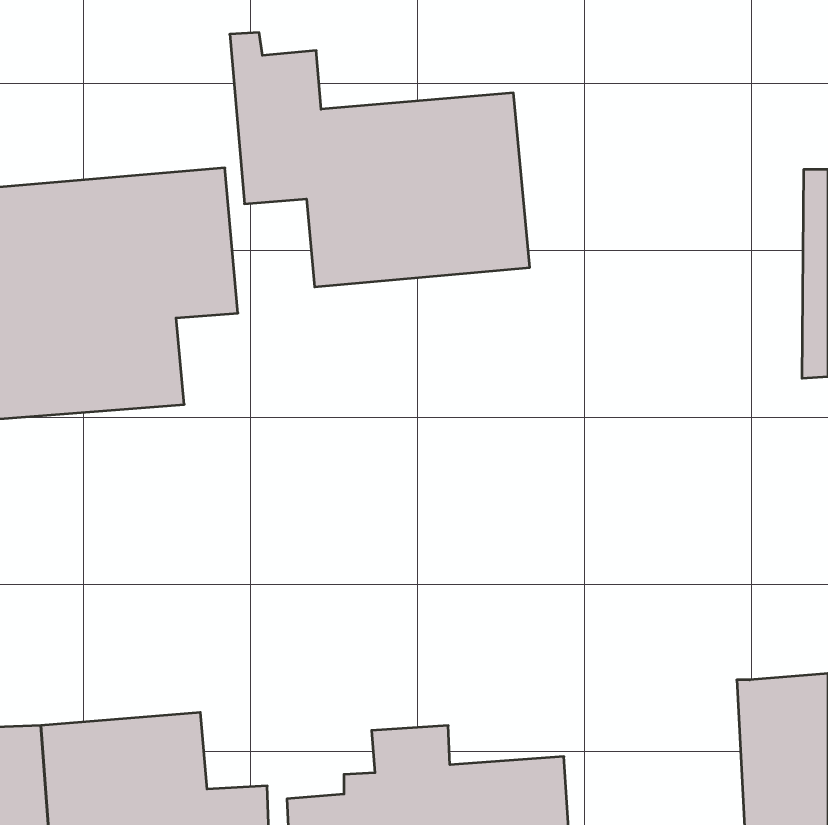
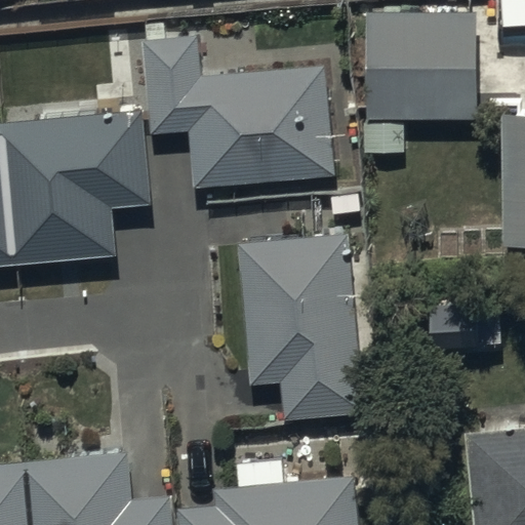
building: none -> [363,12,477,123]
building: none -> [240,238,376,418]

